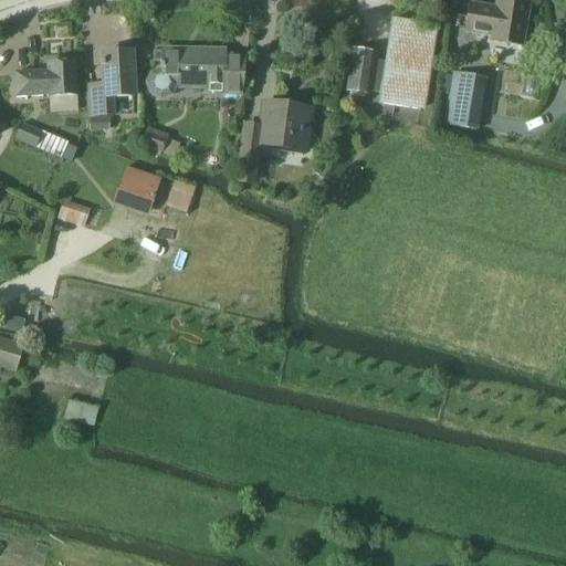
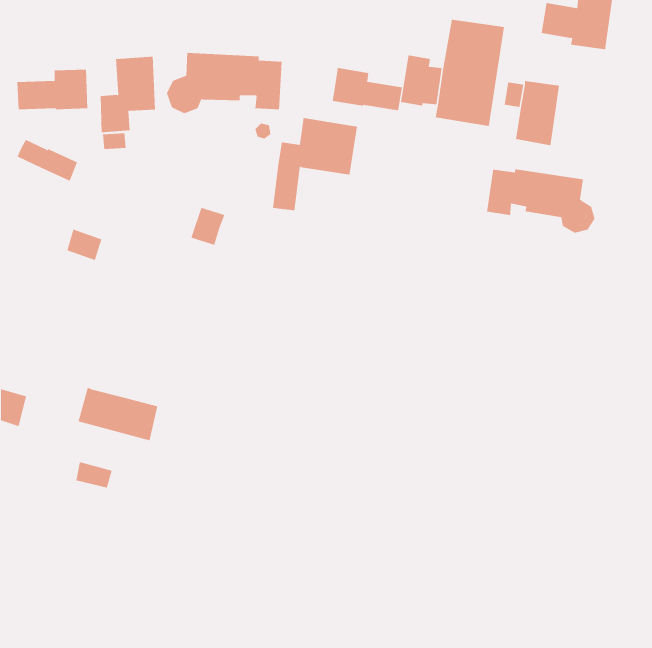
building: none -> [332,67,403,111]
building: none -> [486,169,595,233]
building: [114,165,160,212] -> none
building: none -> [78,387,158,441]

